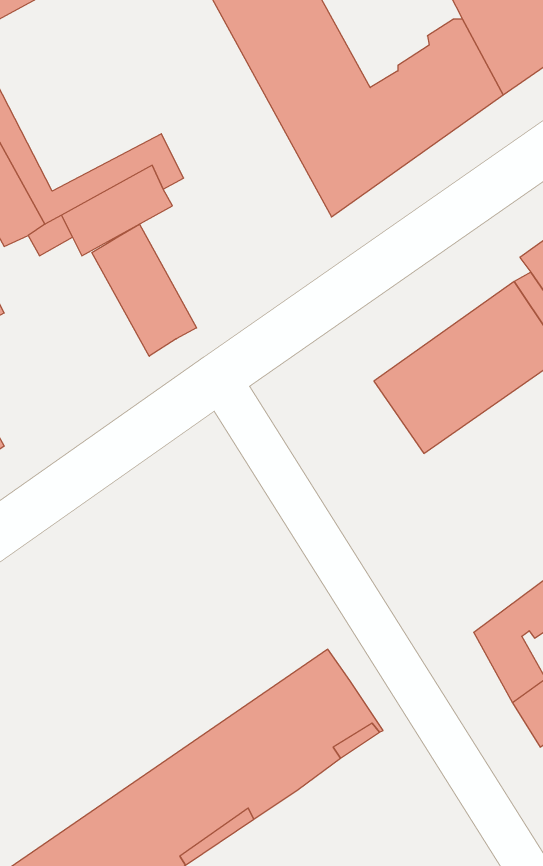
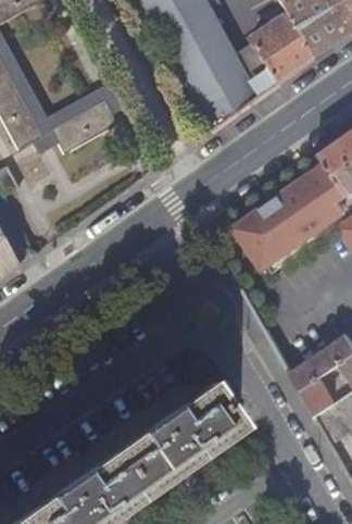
building: [92,224,197,356] -> none

